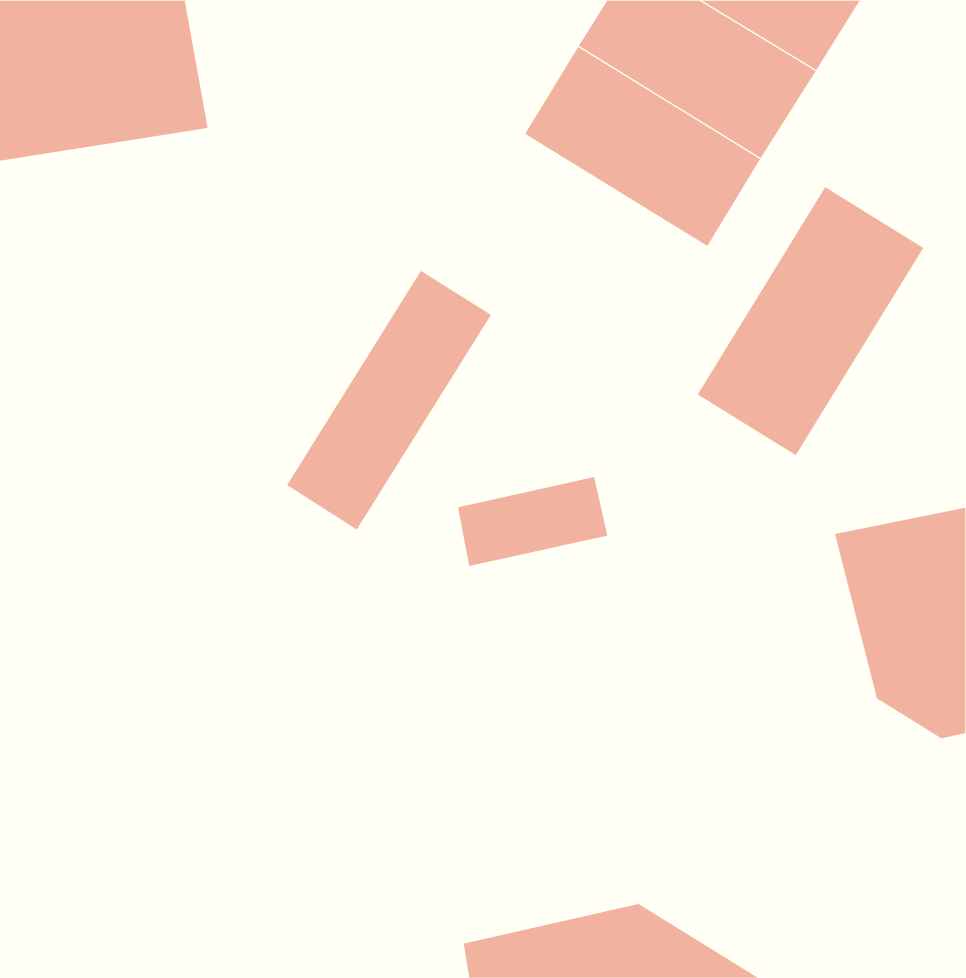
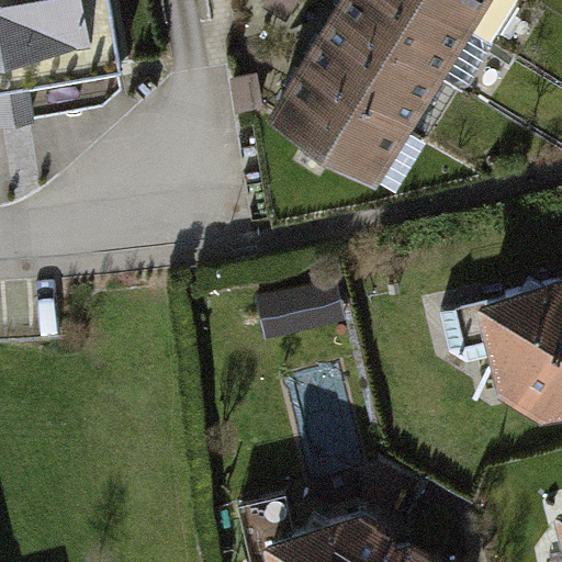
building: none -> [269,77,406,192]
building: [697,186,924,456] -> none
building: [286,270,492,531] -> none

